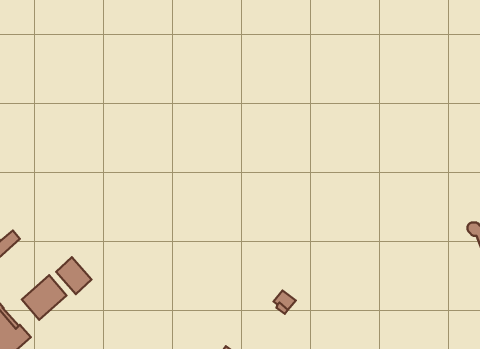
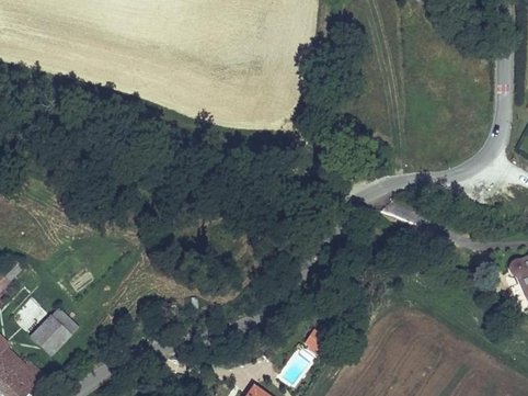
building: [56,257,92,294] -> none

